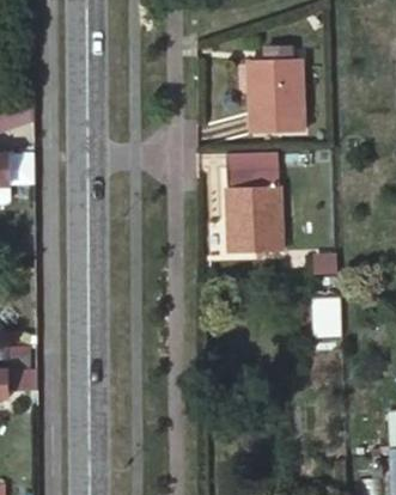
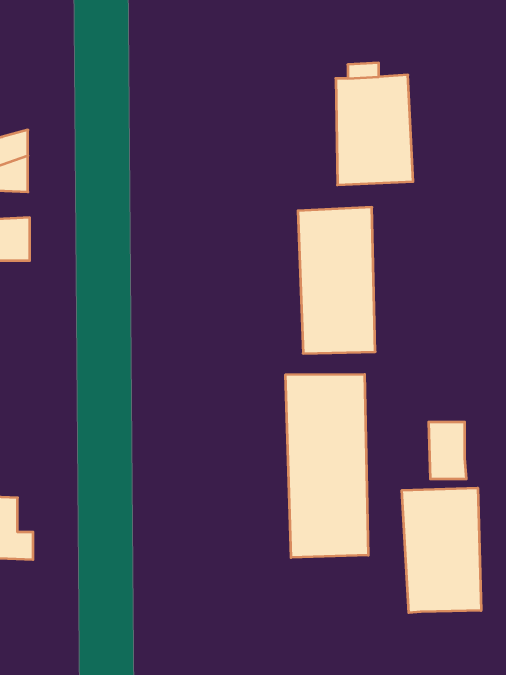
building: none -> [286,374,368,558]
building: none -> [402,488,481,613]

